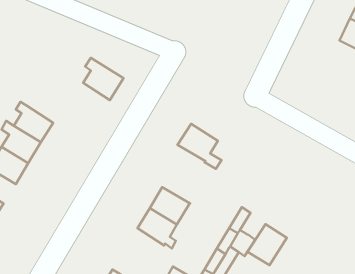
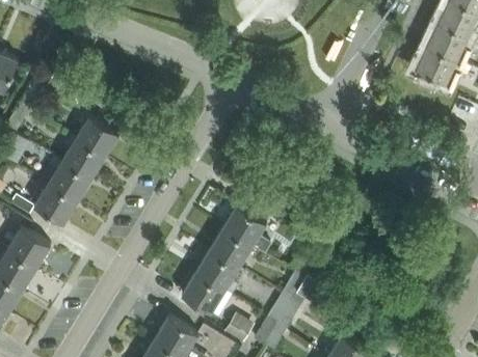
building: [83,58,123,100] -> [75,113,118,159]
building: [178,124,222,169] -> [222,205,270,254]
building: [247,224,287,265] -> none
building: none -> [181,273,224,318]

